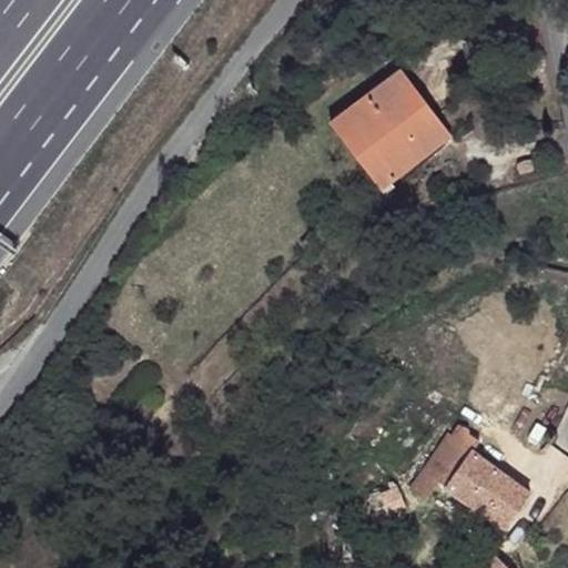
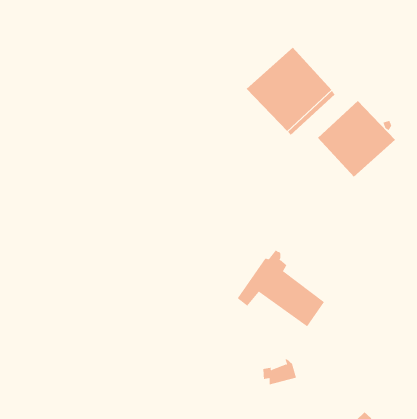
building: none -> [317,100,396,177]
building: [408,427,527,531] -> [237,250,325,327]

